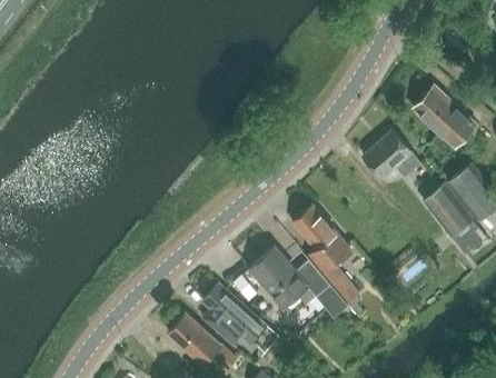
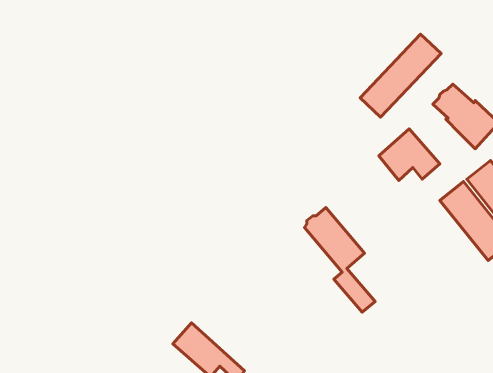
building: none -> [360,34,441,117]
building: [251,248,349,319] -> none
building: [202,285,267,346] -> none

